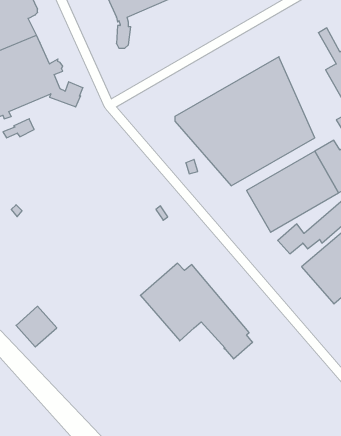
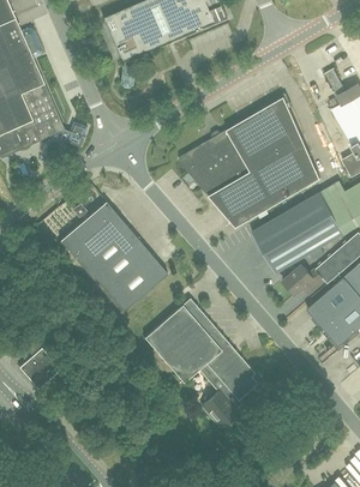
building: none -> [61,202,168,312]
building: none -> [199,363,239,427]

